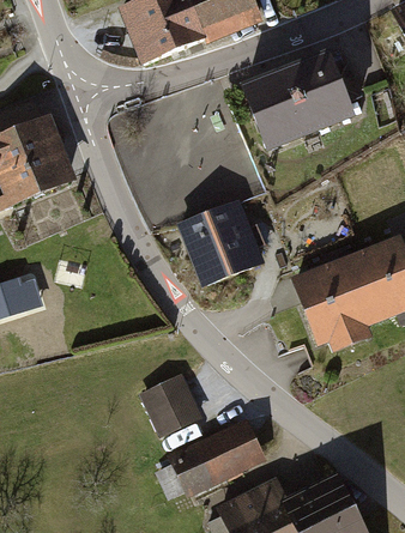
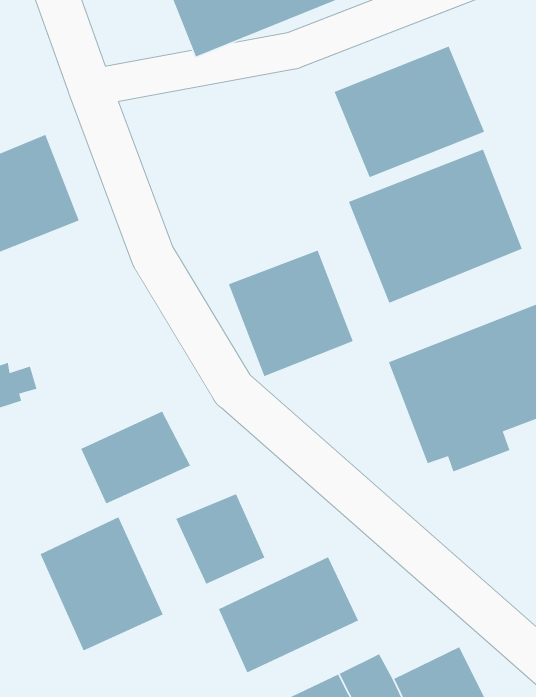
building: none -> [348,148,523,304]
building: none -> [80,410,191,504]
building: none -> [39,516,164,652]

